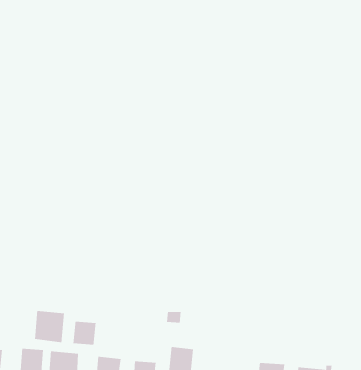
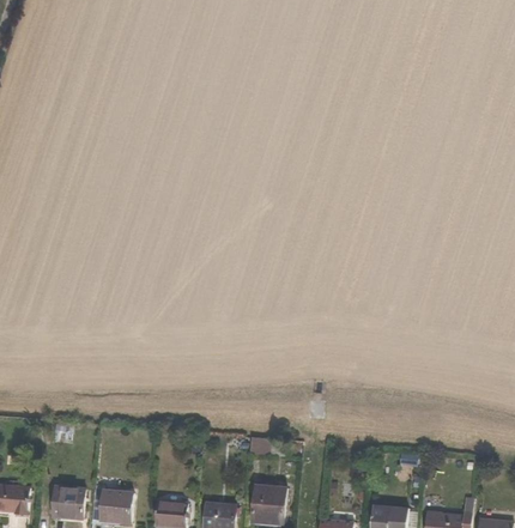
building: [34,310,65,343] -> none
building: [73,321,96,345] -> none

